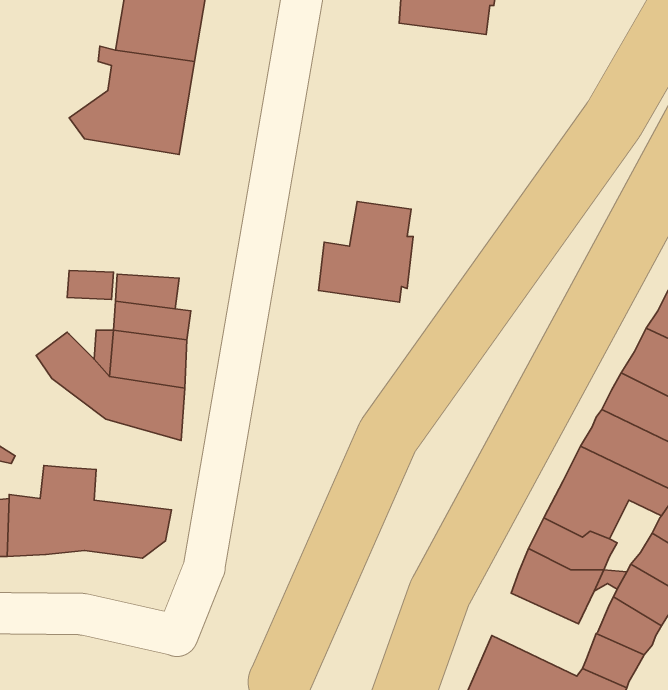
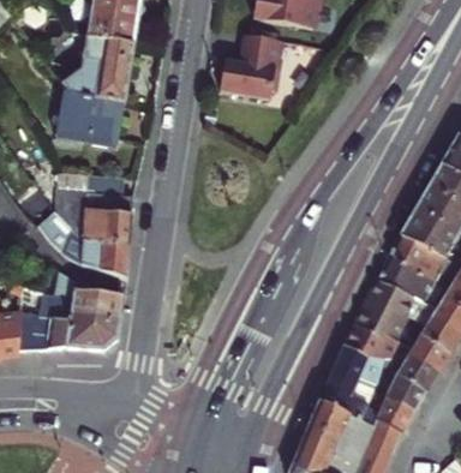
building: none -> [55,91,125,146]
building: [319,202,413,302] -> [235,37,294,100]
building: none -> [55,273,125,322]
building: none -> [319,373,378,425]

